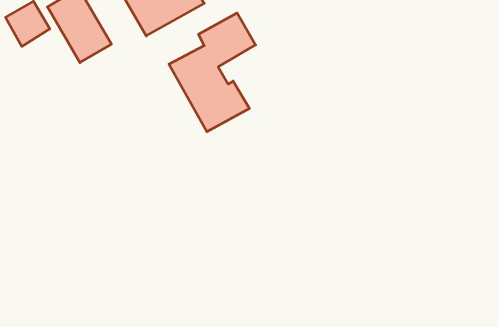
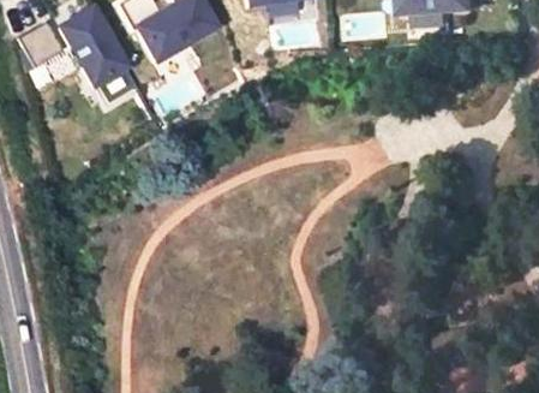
building: [169,13,256,132] -> none

